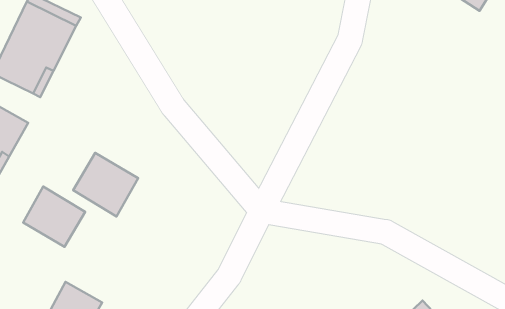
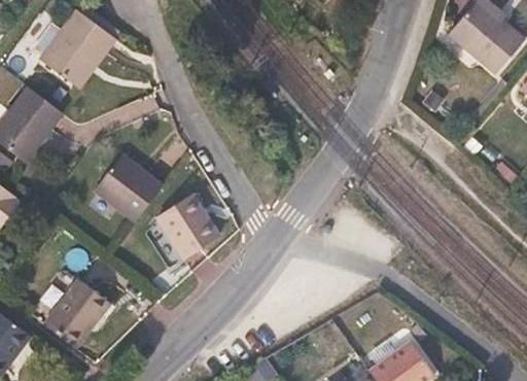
building: none -> [154,194,218,259]
building: [23,187,85,247] -> none

